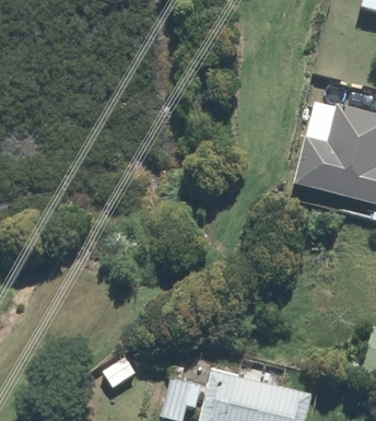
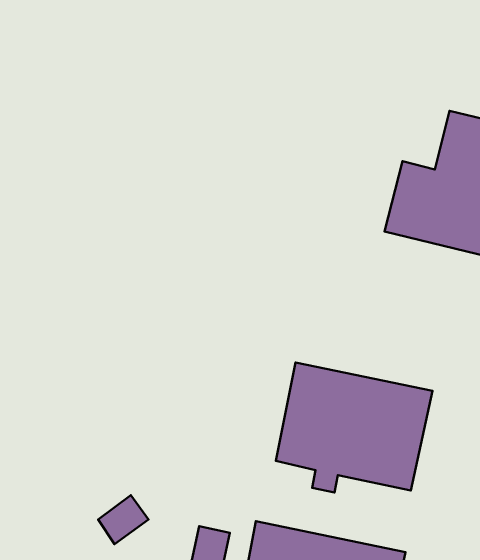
building: none -> [276,362,432,492]

